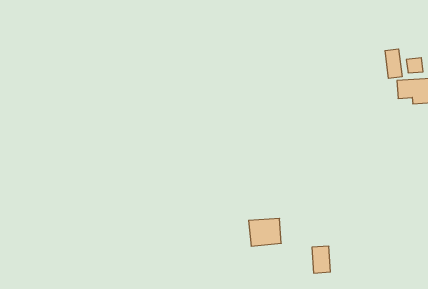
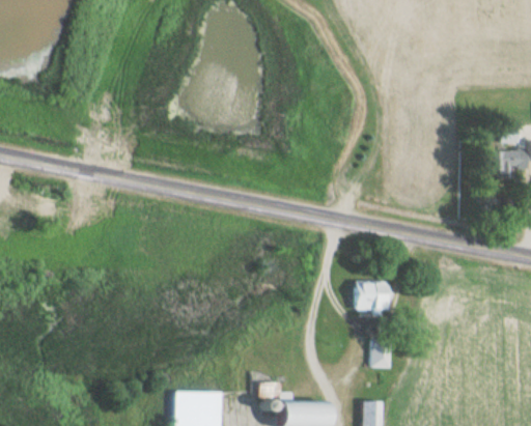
building: [385,49,402,78] -> none
building: [249,218,281,246] -> [355,280,391,310]

